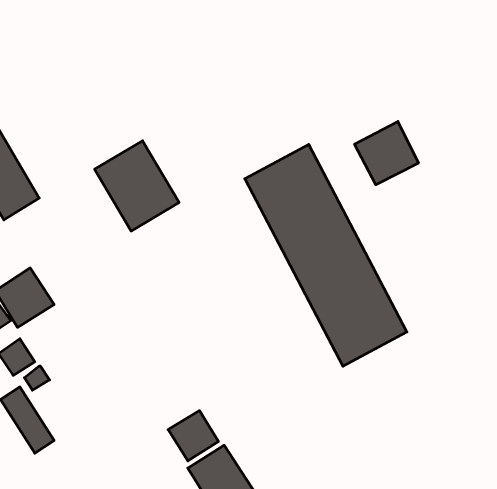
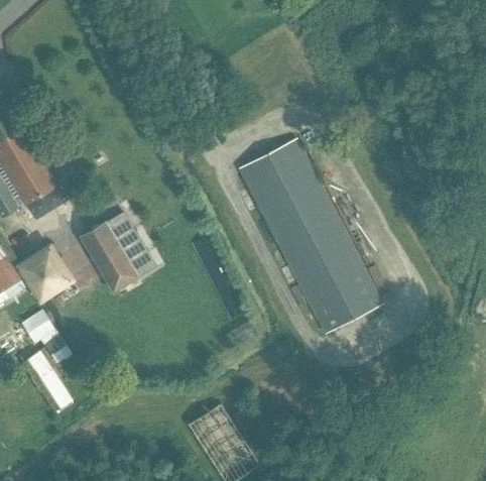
building: [355,121,418,185] -> none
building: [95,141,179,231] -> [81,212,155,291]
building: [168,411,218,461] -> none

